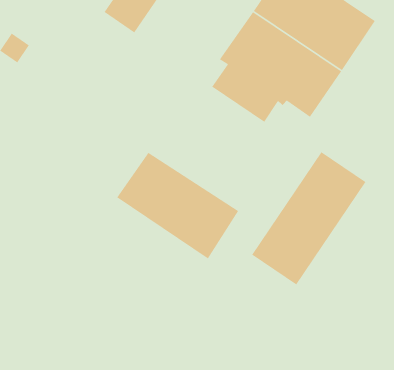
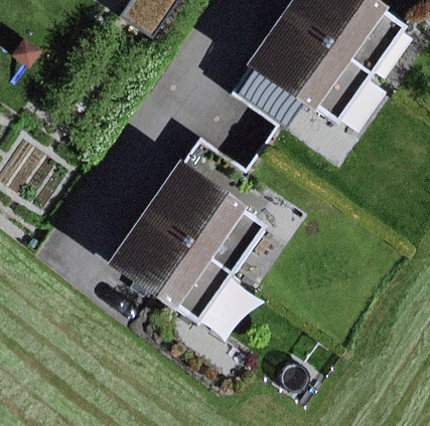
building: [251,151,366,286] -> none
building: none -> [103,207,236,322]

